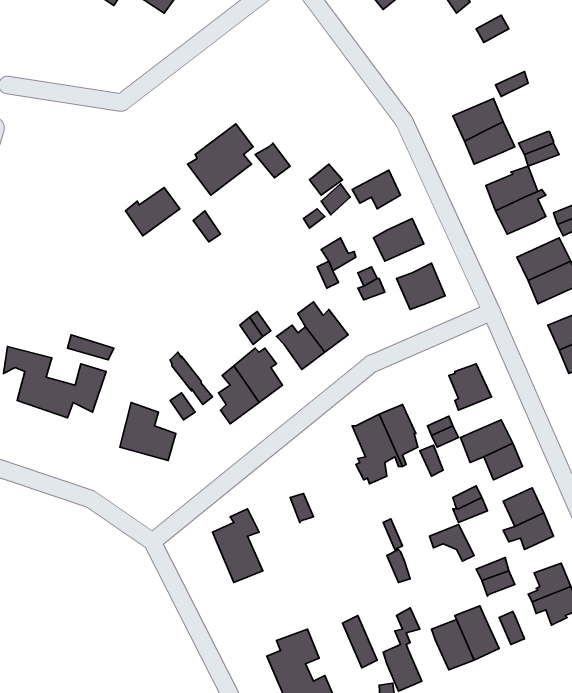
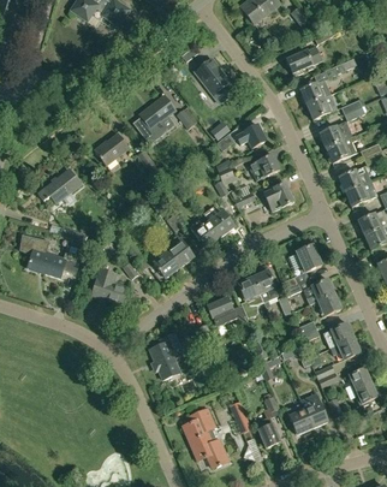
building: none -> [286,46,321,75]
building: none -> [195,57,230,94]
building: none -> [38,168,81,202]
building: none -> [204,295,244,326]

